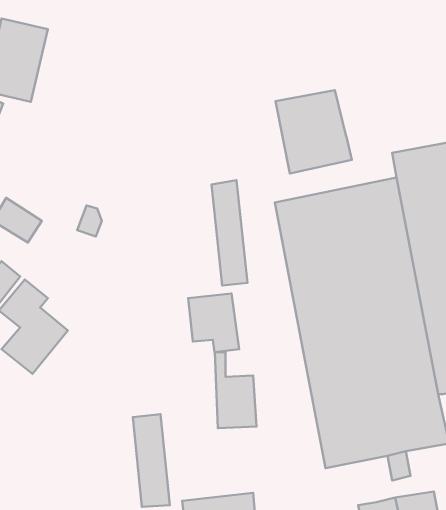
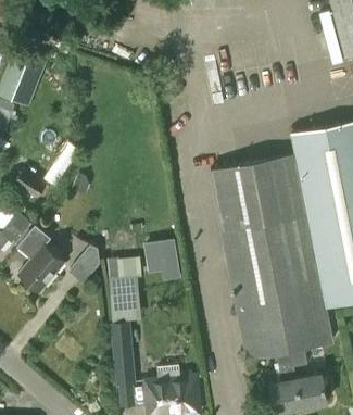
building: [276,90,352,173] -> none
building: [211,180,248,285] -> none
building: none -> [67,247,99,285]
building: [215,352,256,428] -> [114,257,143,311]

